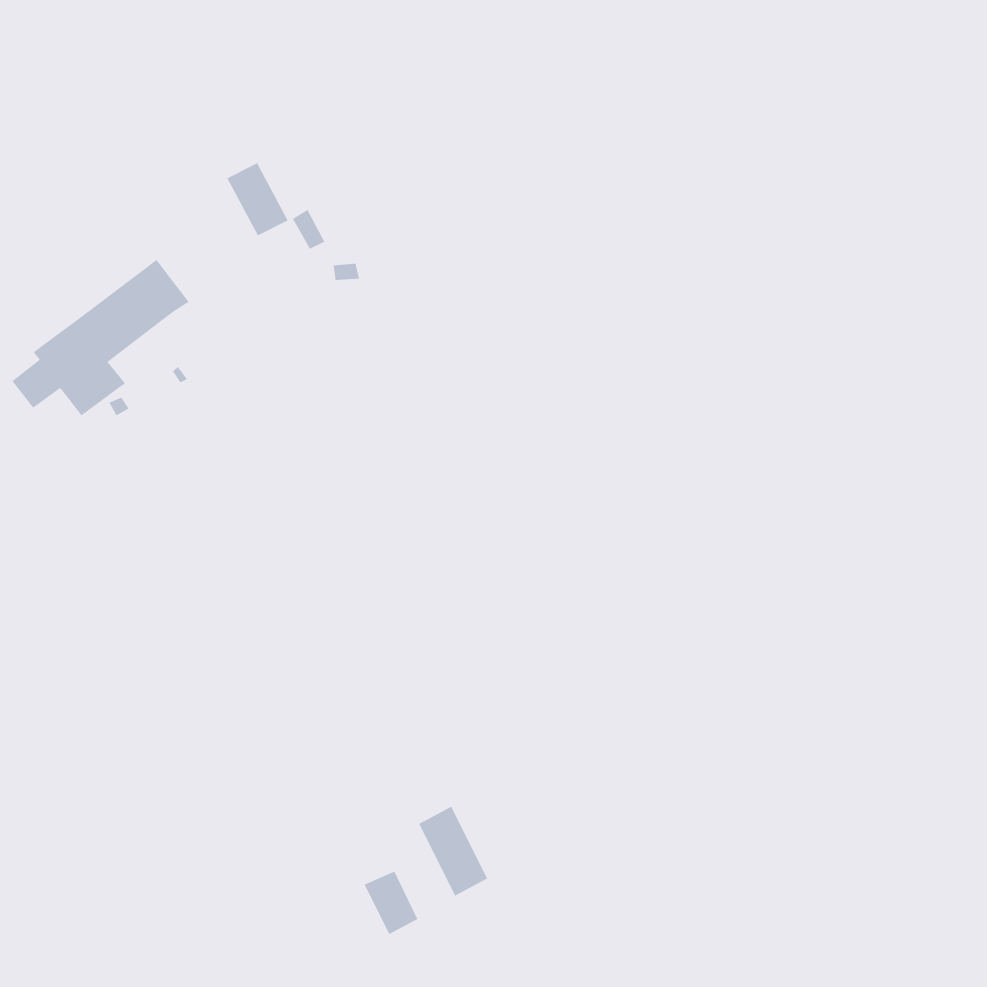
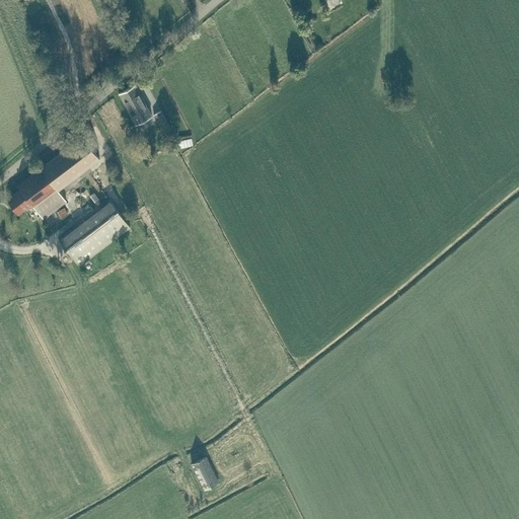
building: none -> [60,202,131,267]
building: [418,806,488,896] -> none

